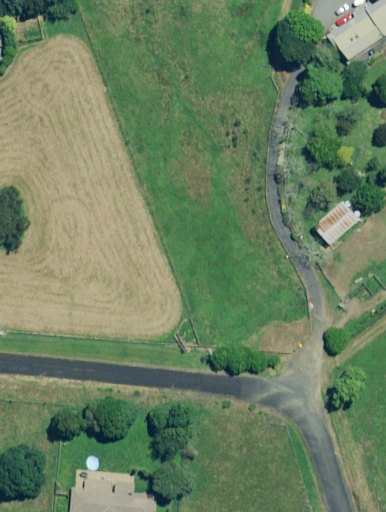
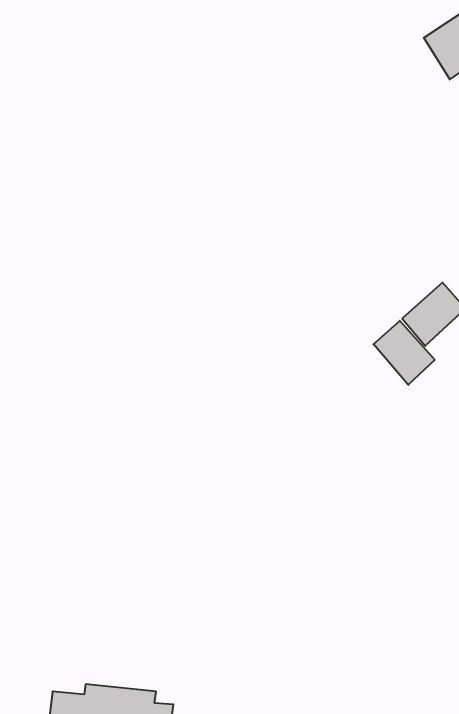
building: none -> [373,321,435,385]

